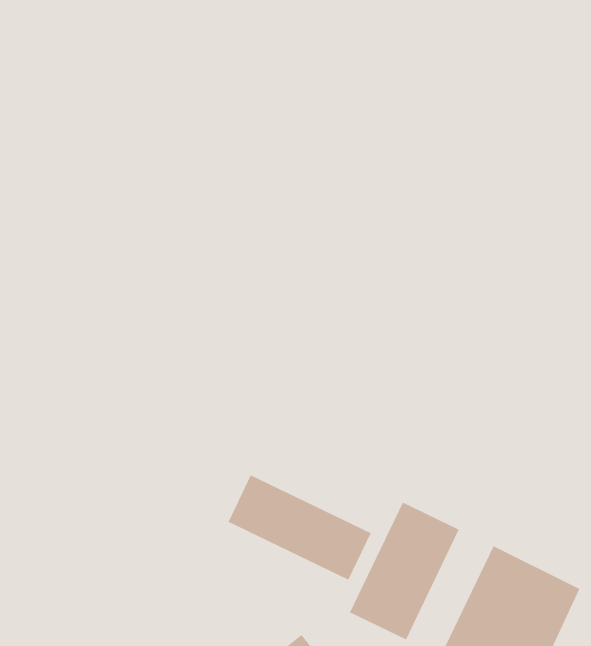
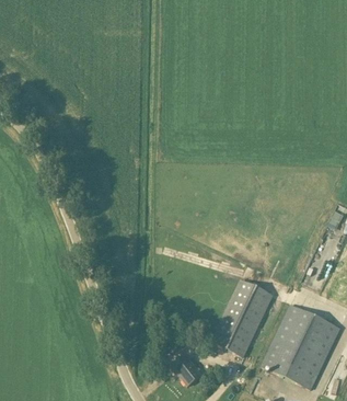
building: [228,475,371,581] -> none

